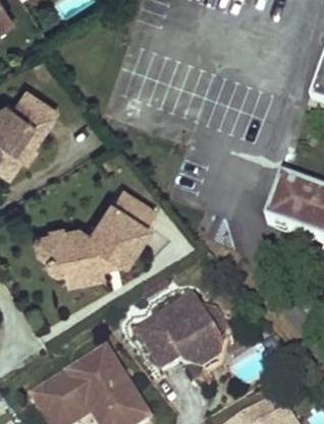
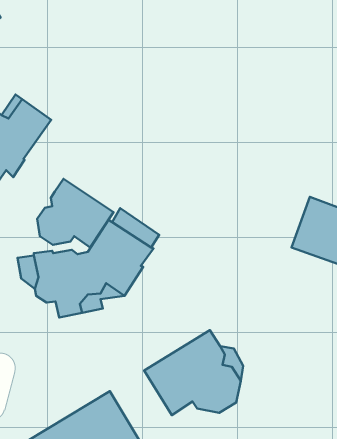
building: none -> [37,179,114,248]

